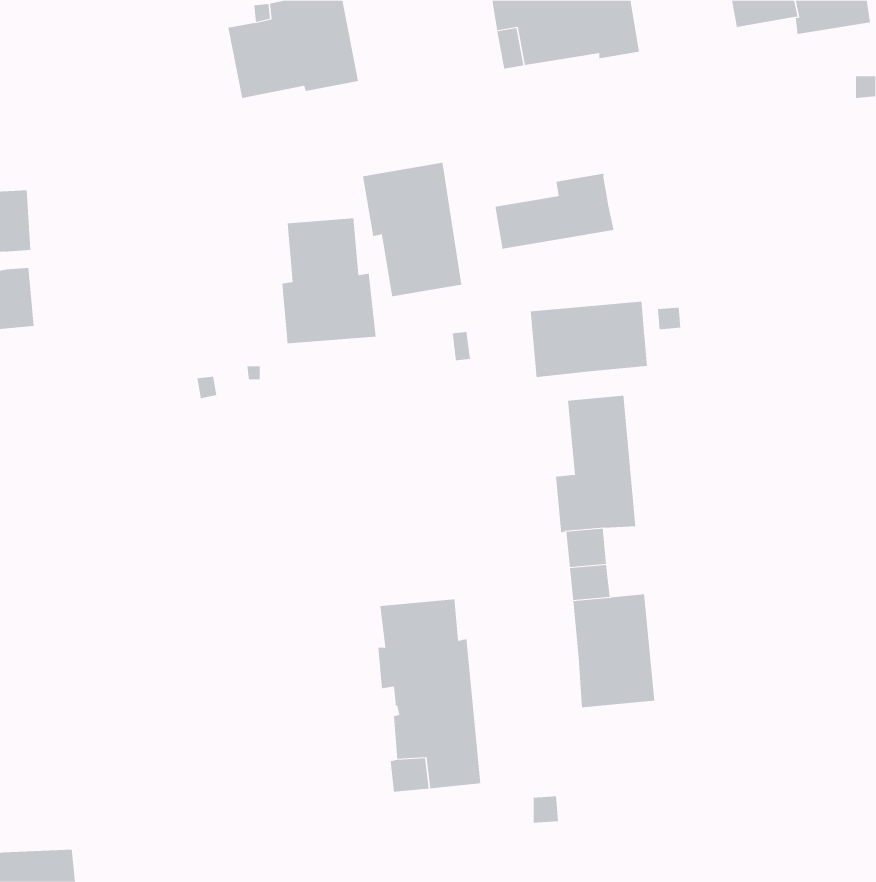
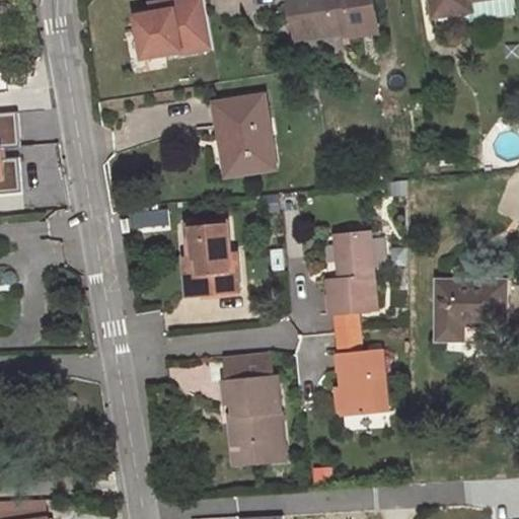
building: [495,173,614,250] -> none
building: [282,218,376,344] -> [182,221,238,295]
building: [530,301,648,378] -> none
building: none -> [435,281,503,339]

